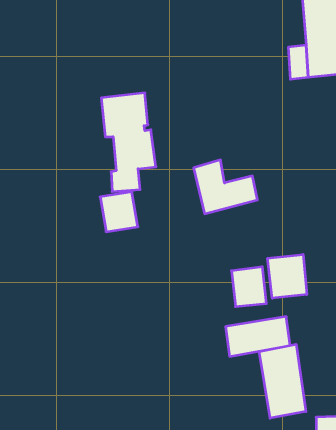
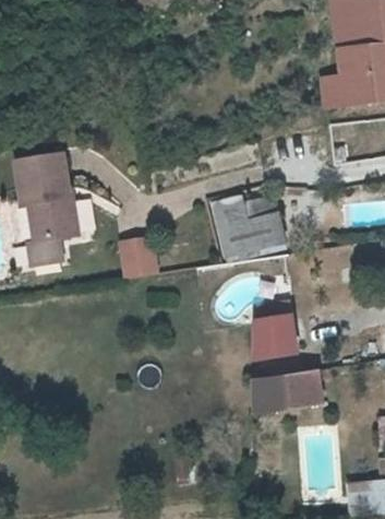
building: [101,93,156,192] -> [21,154,81,262]
building: [268,254,307,298] -> none
building: [259,344,306,418] -> none

